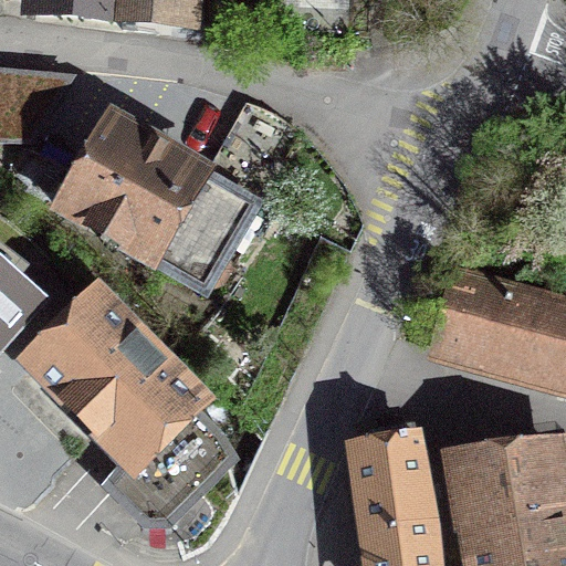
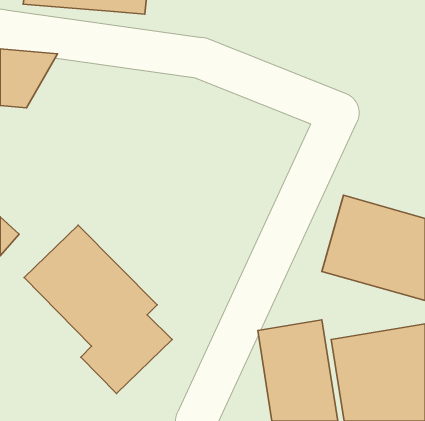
building: [63,117,254,289] -> none

